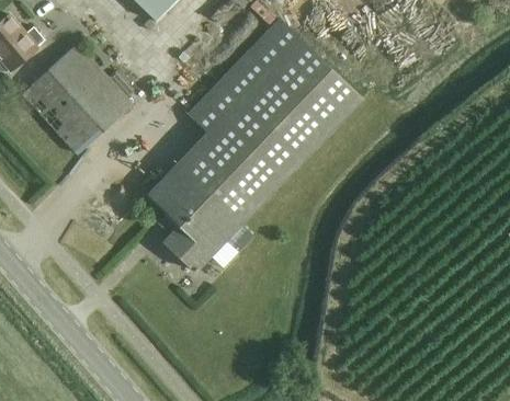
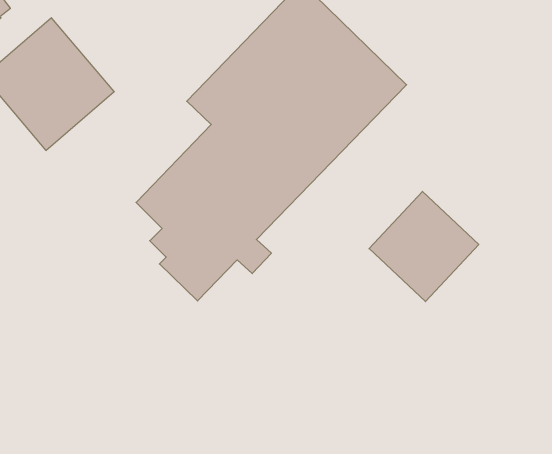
building: none -> [369,191,479,302]

